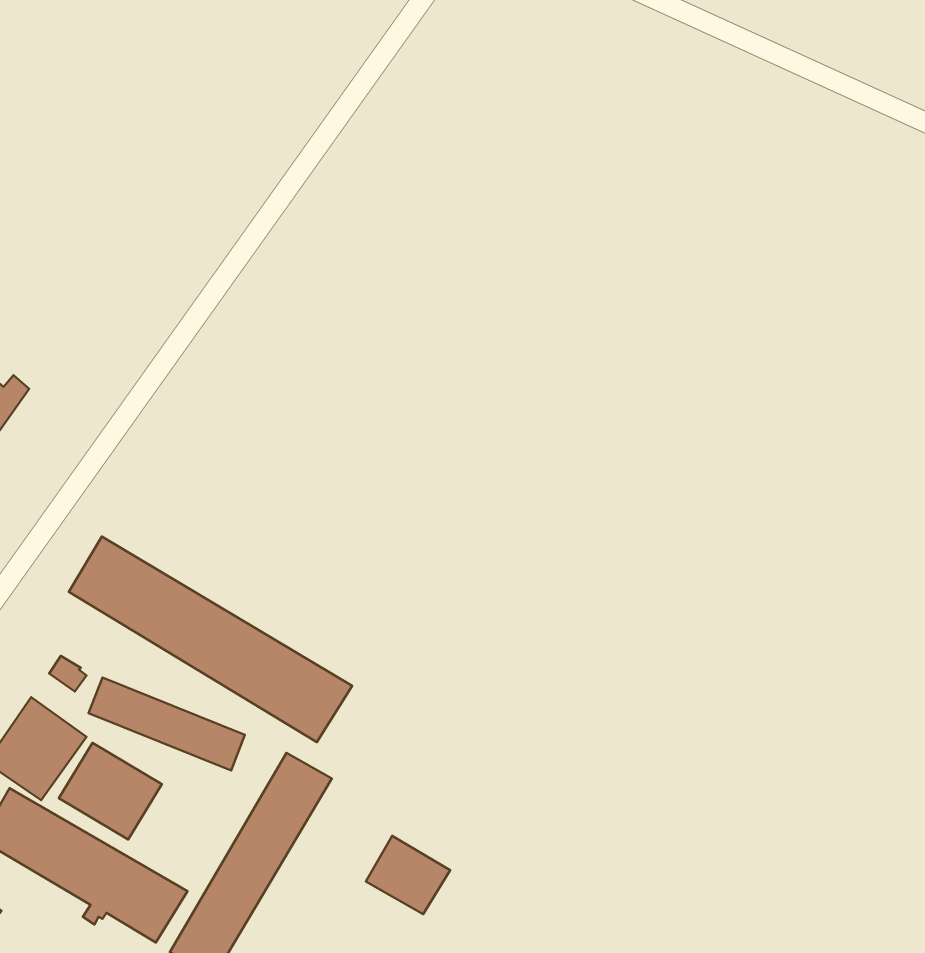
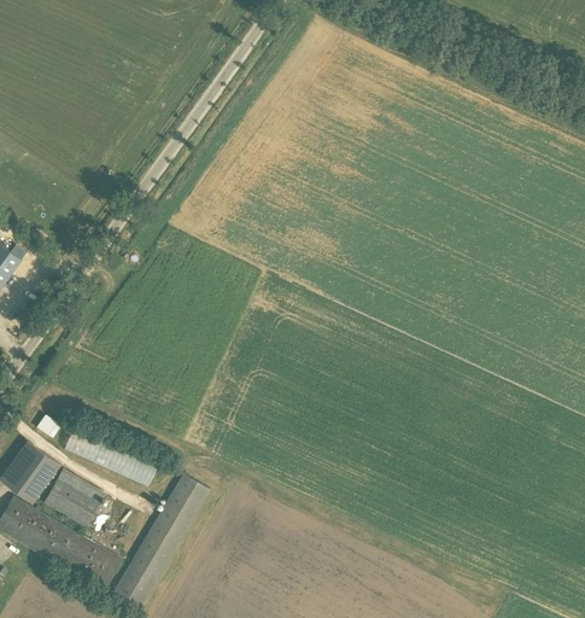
building: [69,537,352,742] -> none
building: [366,836,450,914] -> none

